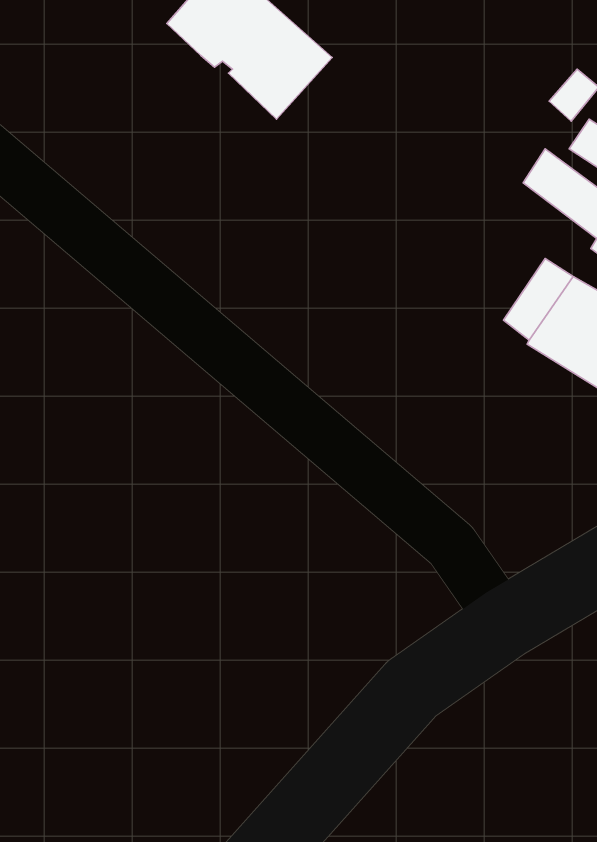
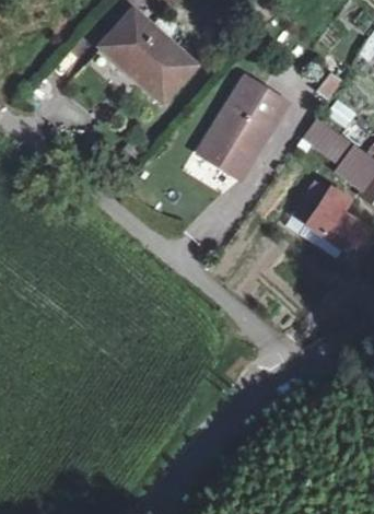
building: none -> [198,80,280,179]

